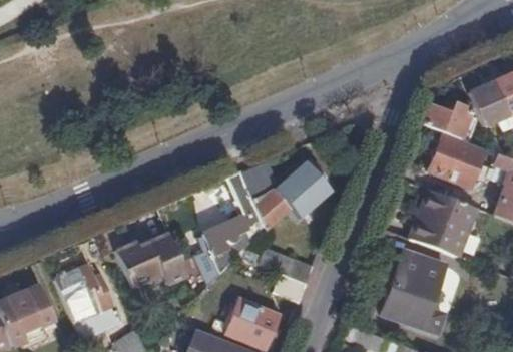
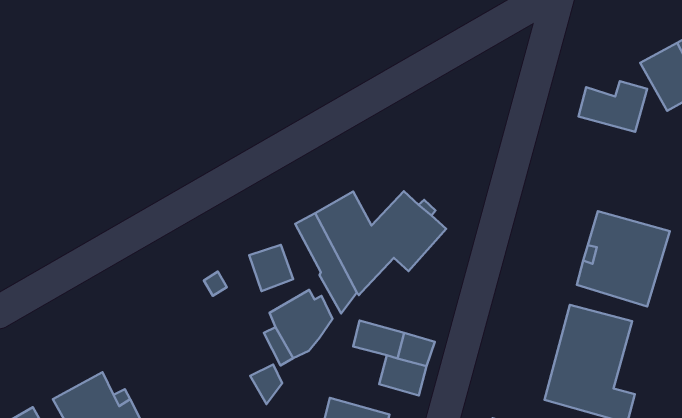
building: [430,135,484,188] -> none
building: [114,233,186,288] -> none

